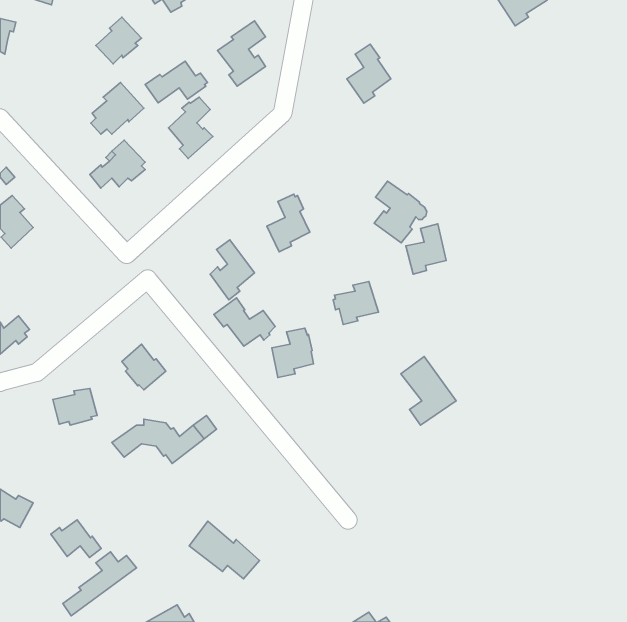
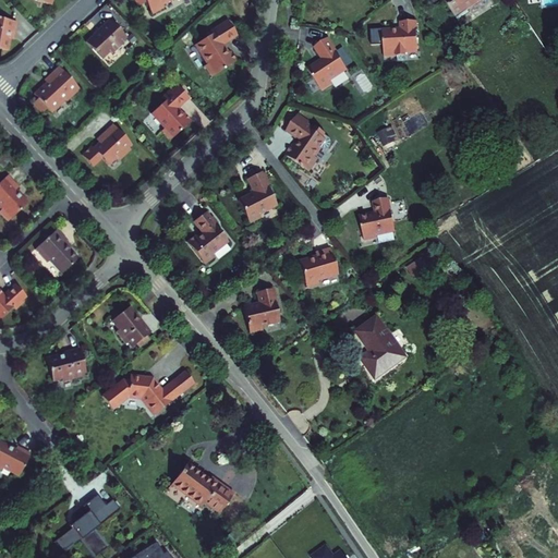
building: none -> [384,23,418,63]
building: [145,61,207,103] -> none
building: [91,83,144,134] -> [32,64,78,110]
building: [374,181,427,243] -> [284,118,331,172]
building: none -> [37,229,81,272]
building: [214,298,275,346] -> none
building: [51,520,101,558] -> none

